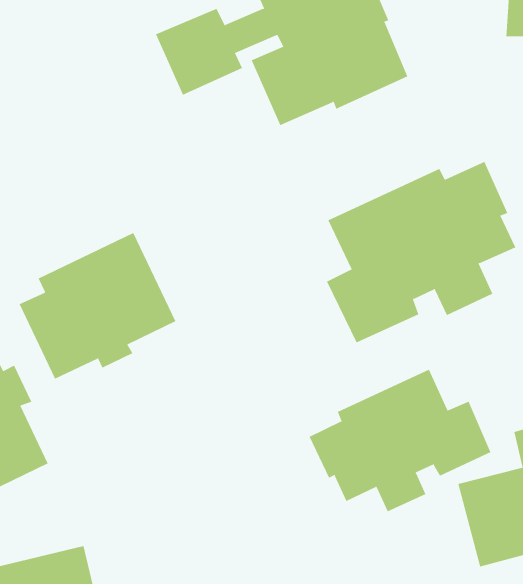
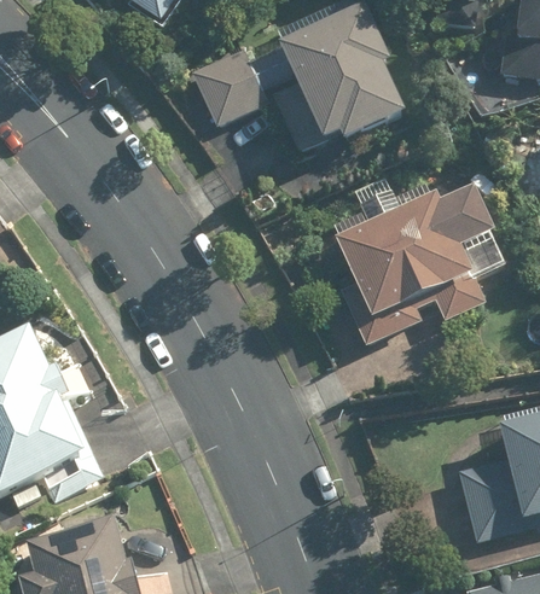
building: [19,232,176,380] -> none
building: [309,369,491,512] -> none

